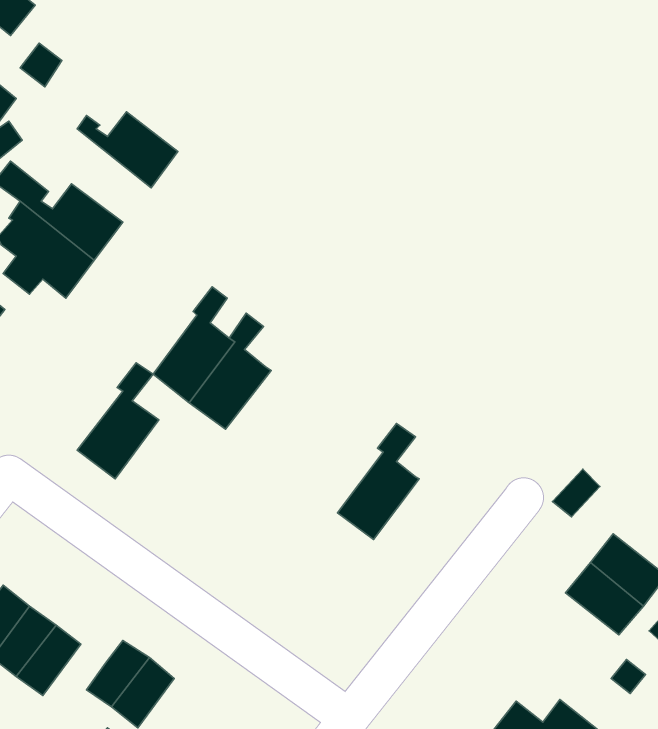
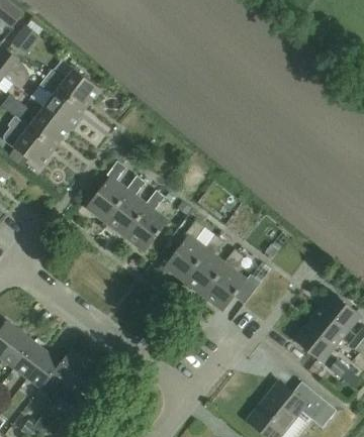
building: none -> [38,78,85,127]
building: [77,363,159,479] -> [124,191,168,252]
building: none -> [164,220,208,282]
building: none -> [203,249,260,311]
building: none -> [292,324,334,362]
building: none -> [27,351,61,389]

